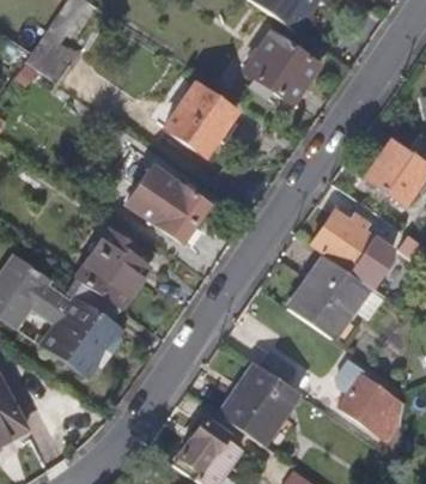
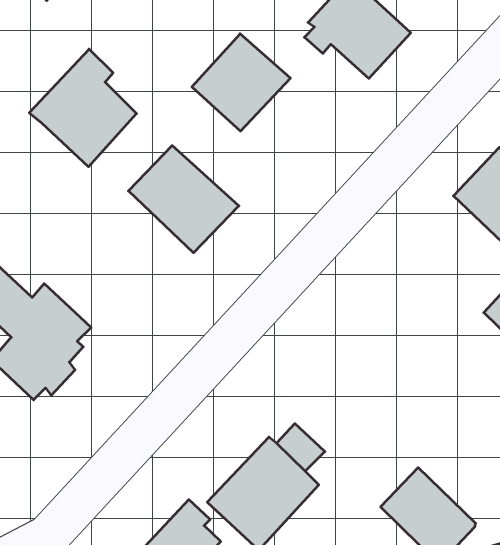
building: [312,208,381,271] -> none
building: [71,224,146,307] -> [29,49,137,167]
building: [285,259,364,339] -> none

